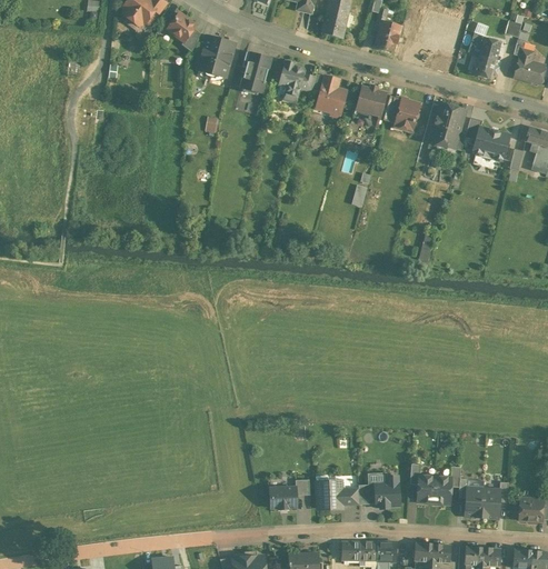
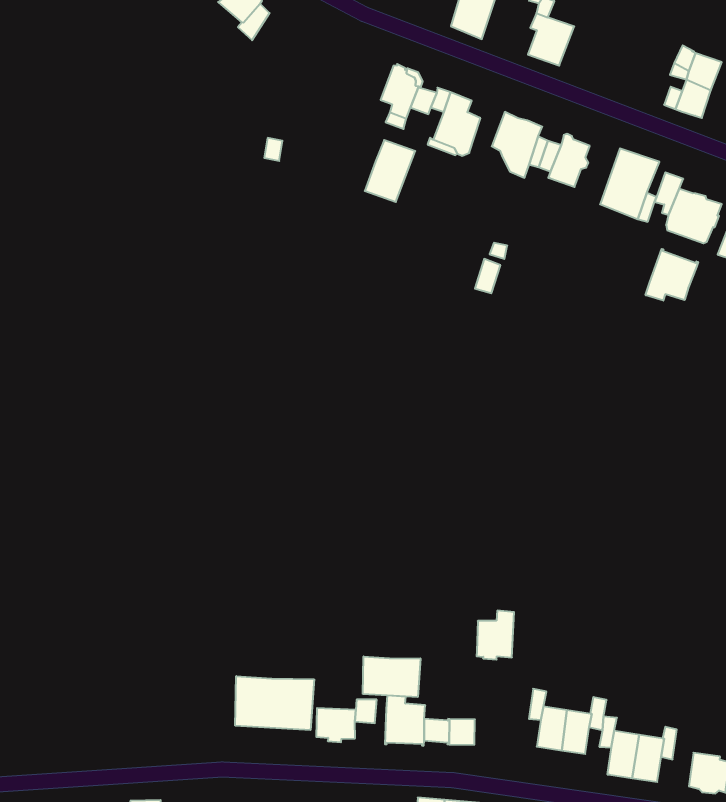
building: [198,38,233,77] -> none
building: [240,52,271,92] -> [365,140,415,202]
building: none -> [646,249,698,301]
building: none -> [363,656,420,697]
building: none -> [235,676,314,730]
building: [375,476,399,508] -> [477,611,514,660]

